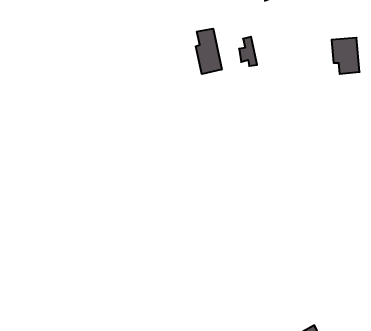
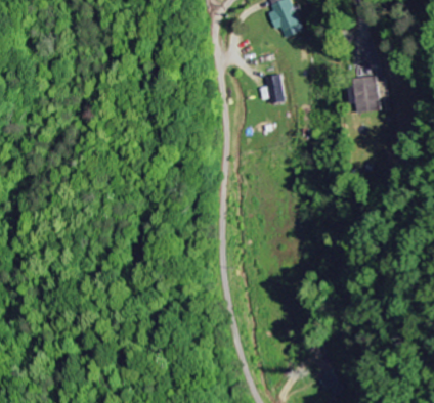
building: [196,29,222,74] -> none

